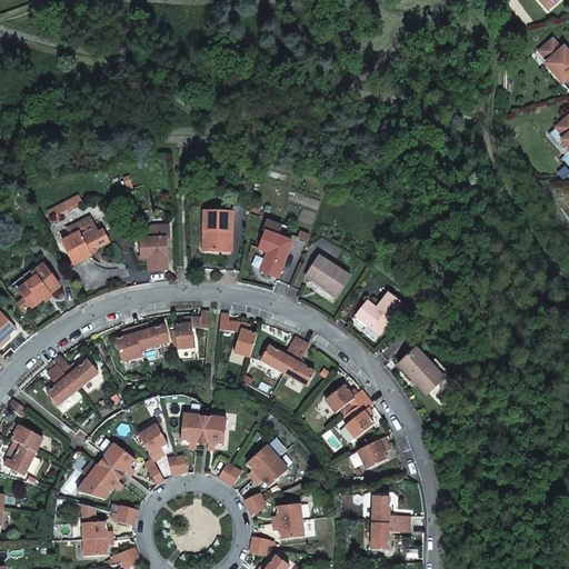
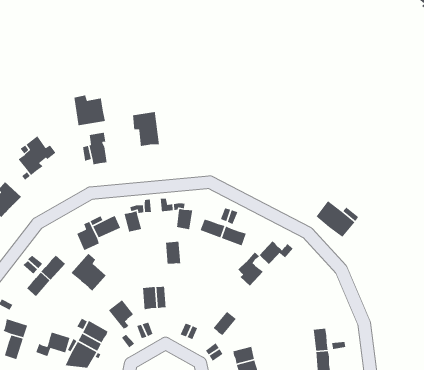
building: none -> [74,95,106,126]
building: [258,219,290,277] -> none
building: [303,256,349,297] -> none
building: [356,293,401,336] -> none
building: none -> [71,253,106,291]
building: [343,398,373,438] -> [237,252,264,287]
building: [207,417,226,446] -> [165,241,181,265]
building: [357,437,387,469] -> none
building: [246,446,277,476] -> none
building: none -> [35,332,71,357]

